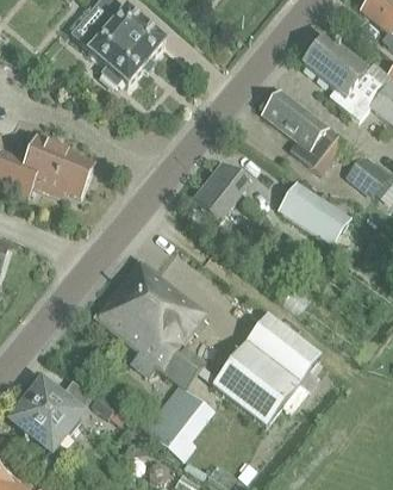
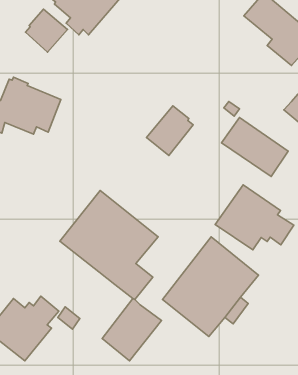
building: none -> [25,9,67,52]
building: [261,88,336,166] -> none
building: none -> [215,185,294,250]

